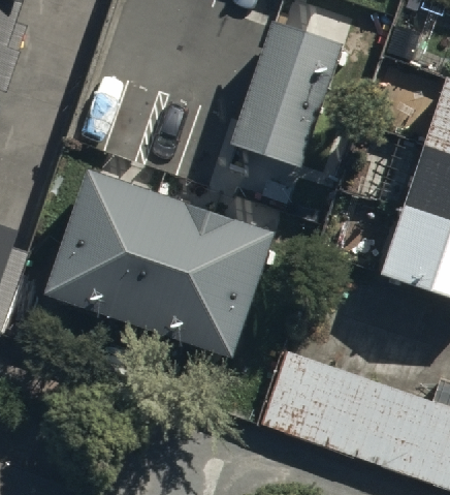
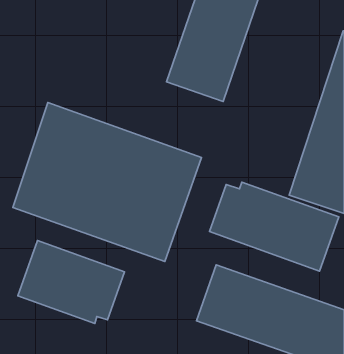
building: none -> [209,182,339,271]
building: none -> [18,240,125,323]

